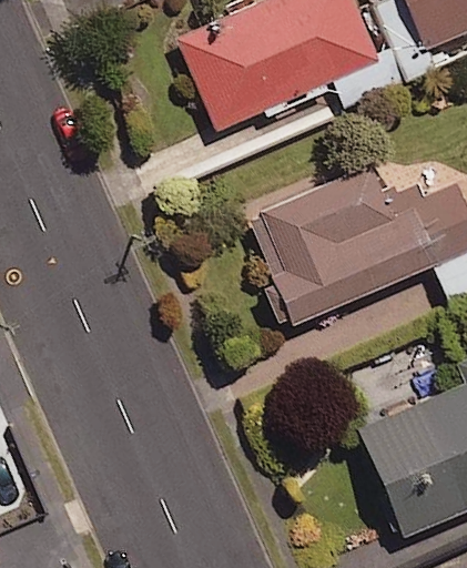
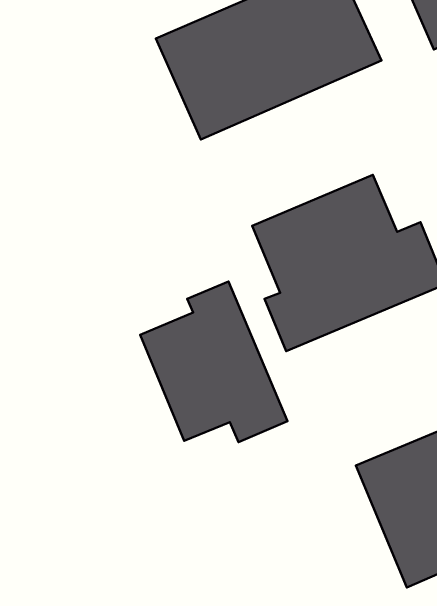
building: none -> [140,281,287,442]

